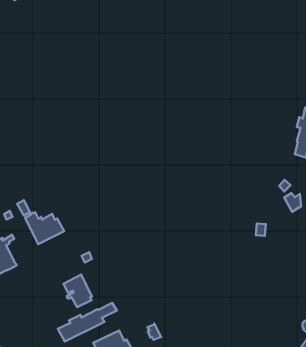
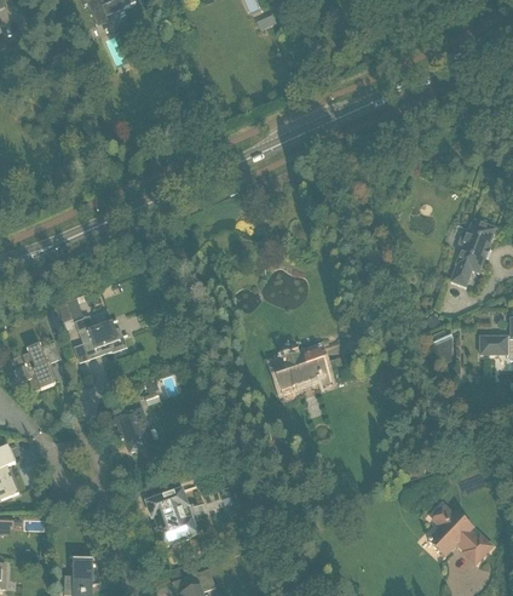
building: none -> [273,348,330,395]
building: [58,303,117,341] -> none

